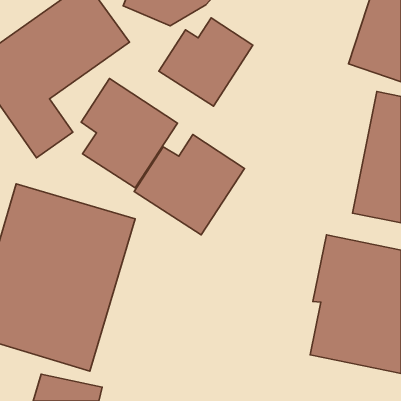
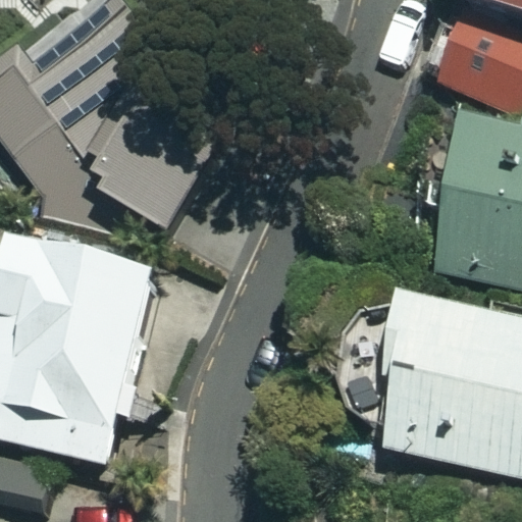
building: [159,18,253,106] -> none
building: [134,135,244,235] -> none

